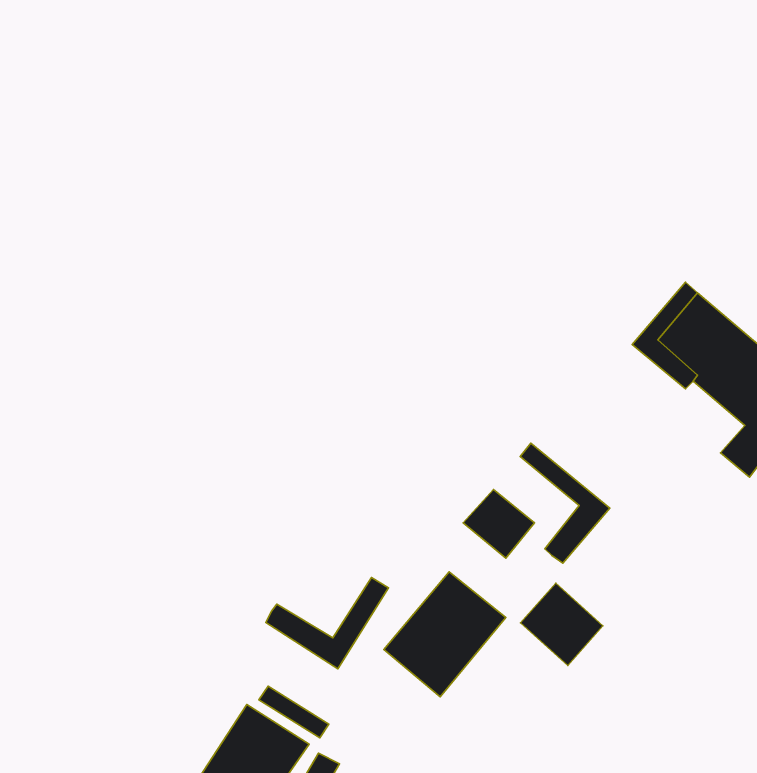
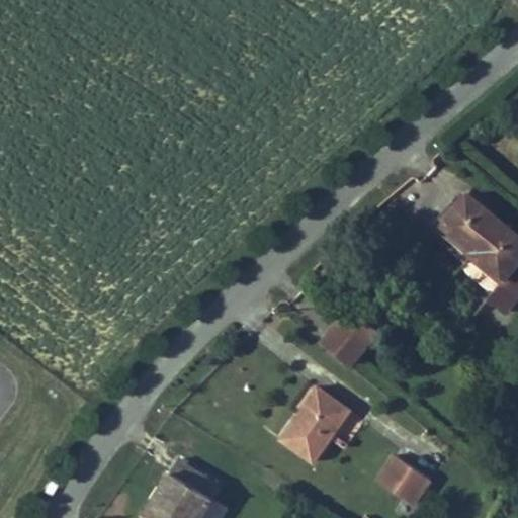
building: [520,443,610,563] -> none
building: [266,578,388,669] -> none
building: [521,583,603,665] -> [376,453,431,508]

